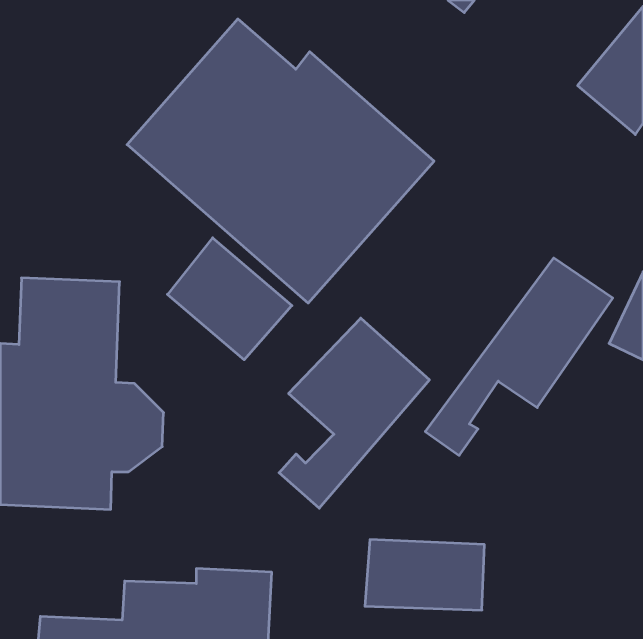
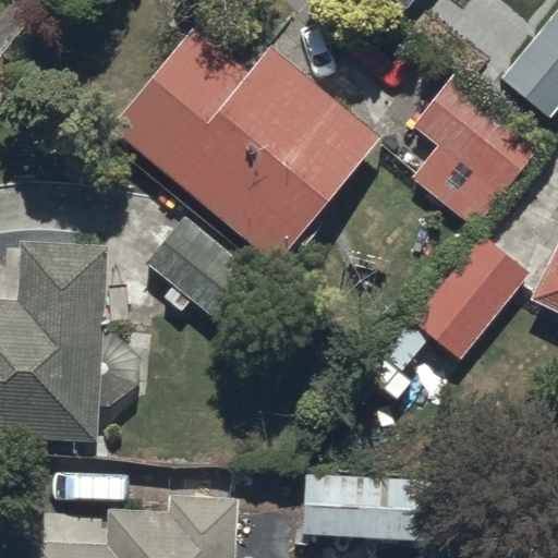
building: none -> [408,87,537,234]
building: [279,318,429,508] -> none

